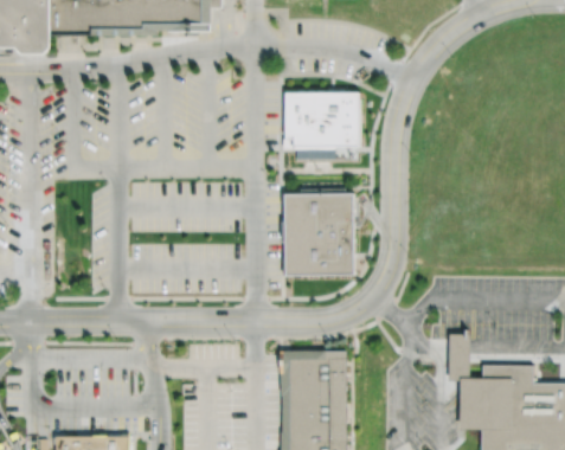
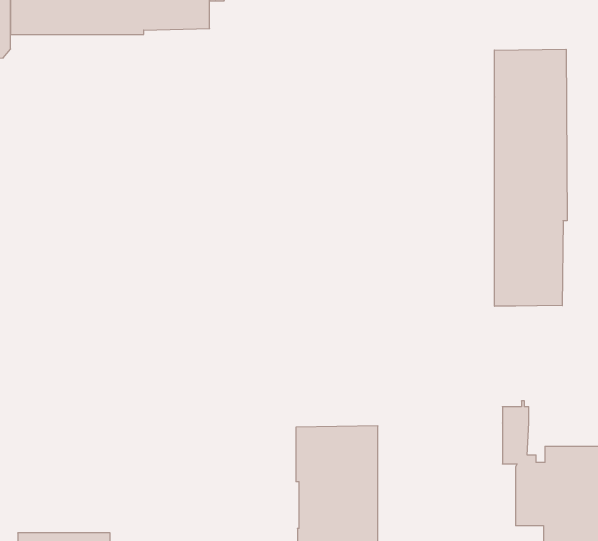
building: none -> [494,49,567,306]
building: [283,89,360,156] -> none
building: [283,186,357,274] -> none

